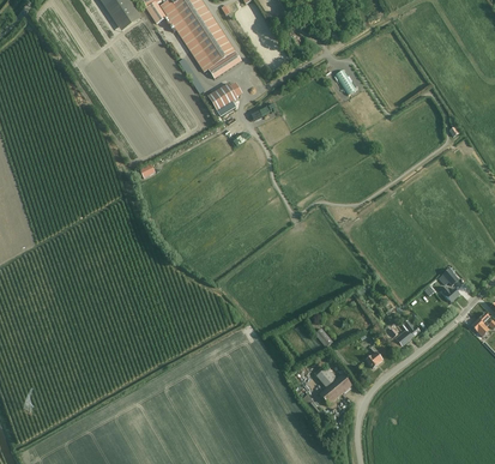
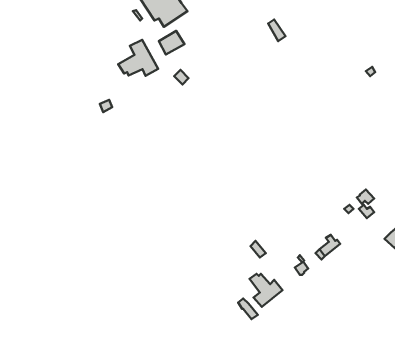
building: none -> [118,40,158,76]

